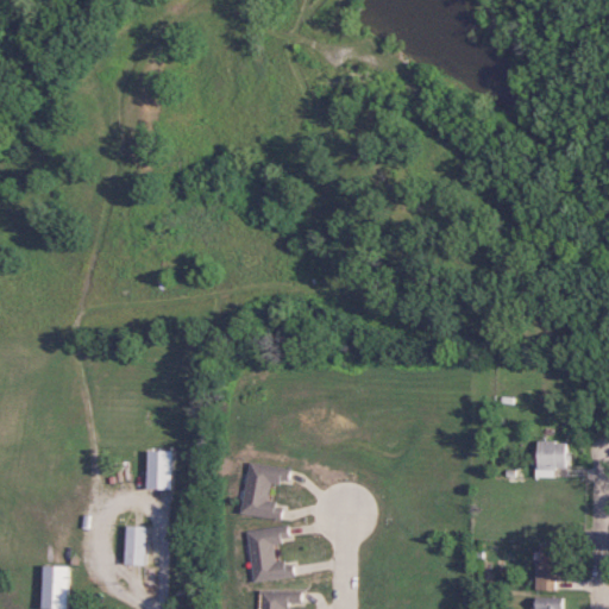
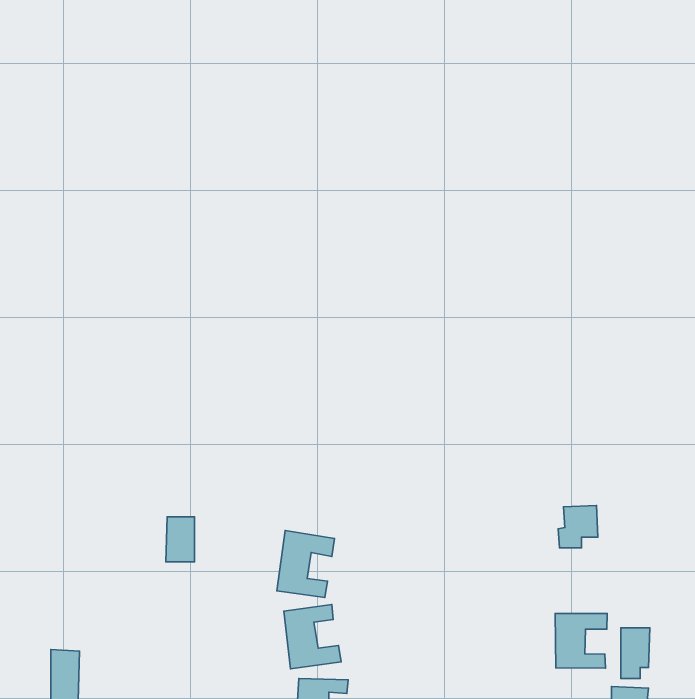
building: [534,440,569,477] -> [558,506,598,548]
building: [123,526,145,565] -> none
building: none -> [555,613,607,668]

